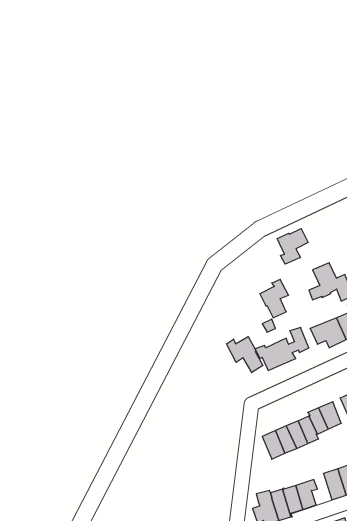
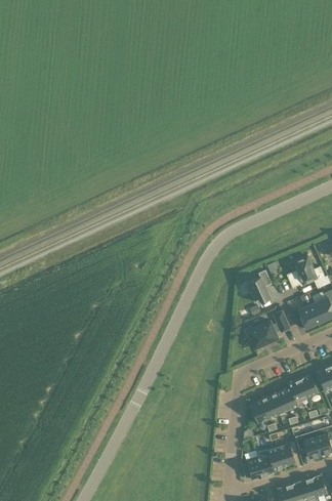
building: [277,229,308,264] -> none
building: [227,337,263,373] -> none

